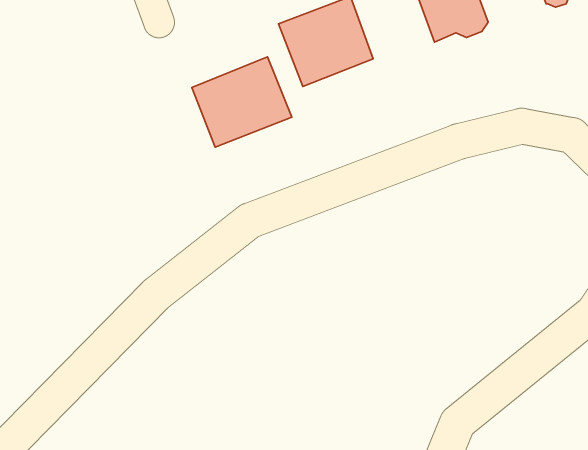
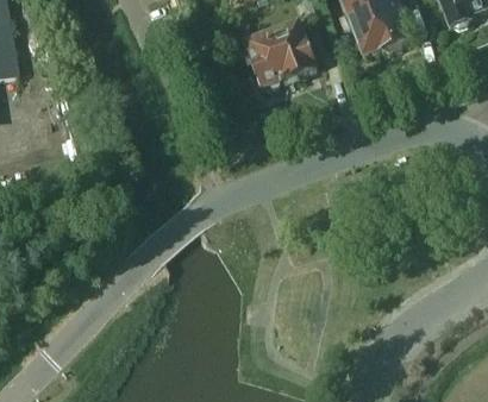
building: [192,57,292,147] -> none

